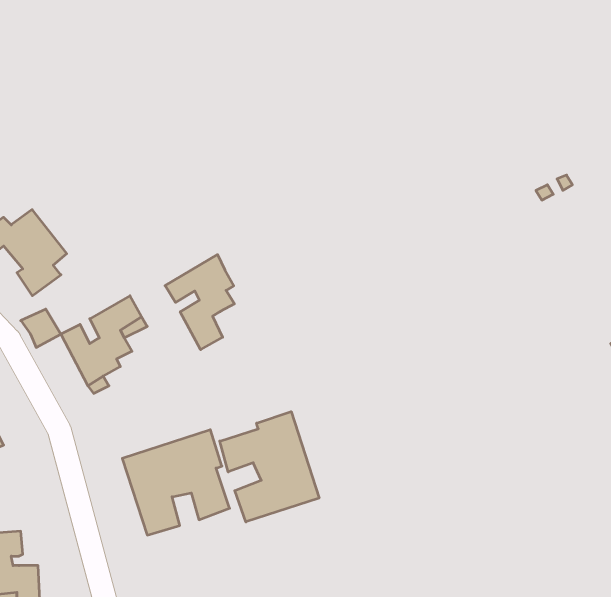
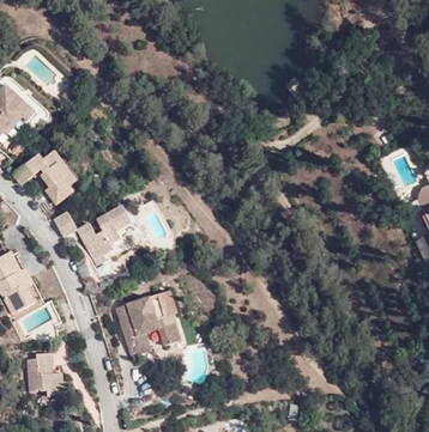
building: [165,255,234,350] -> none
building: [220,412,319,522] -> none

